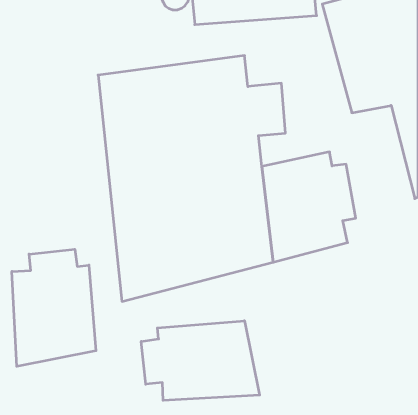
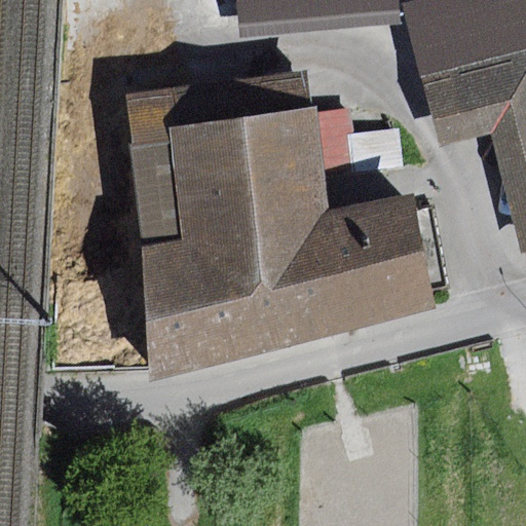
building: [12,249,96,366] -> none
building: [141,321,260,400] -> none

